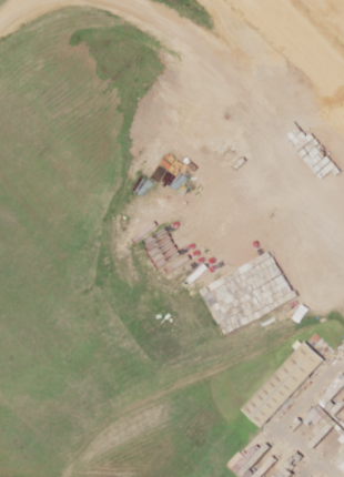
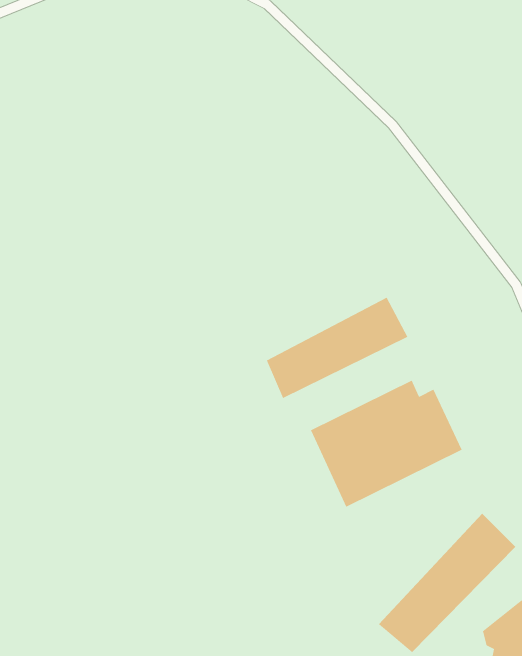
building: none -> [266,297,408,399]

